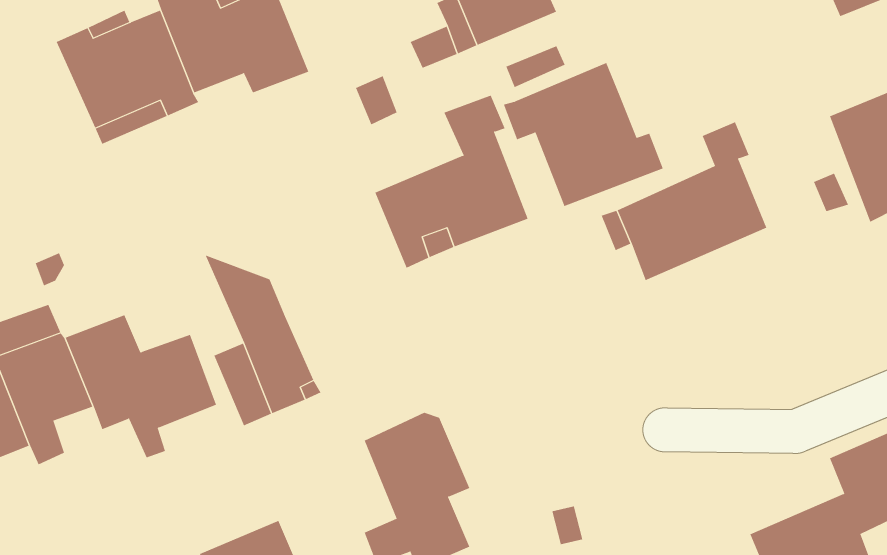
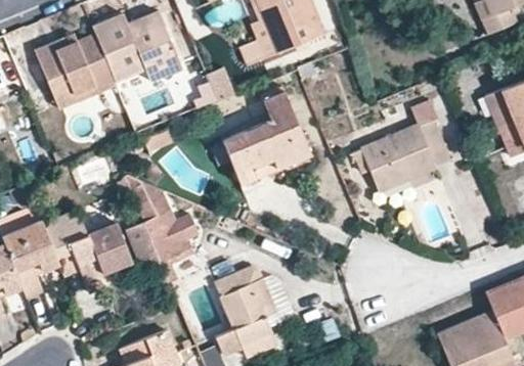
building: [503,62,663,207] -> none

